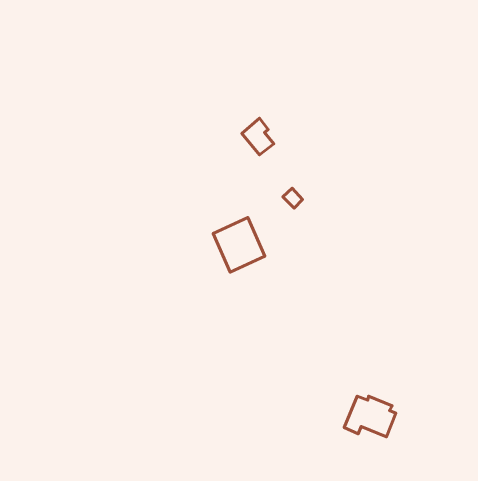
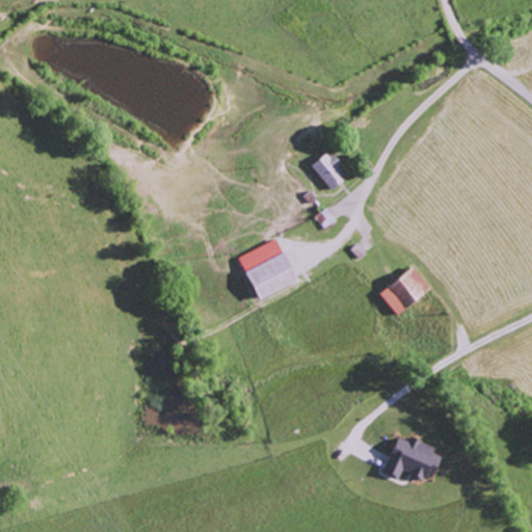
building: [242,118,274,155] -> [312,151,347,191]
building: none -> [379,266,430,316]

